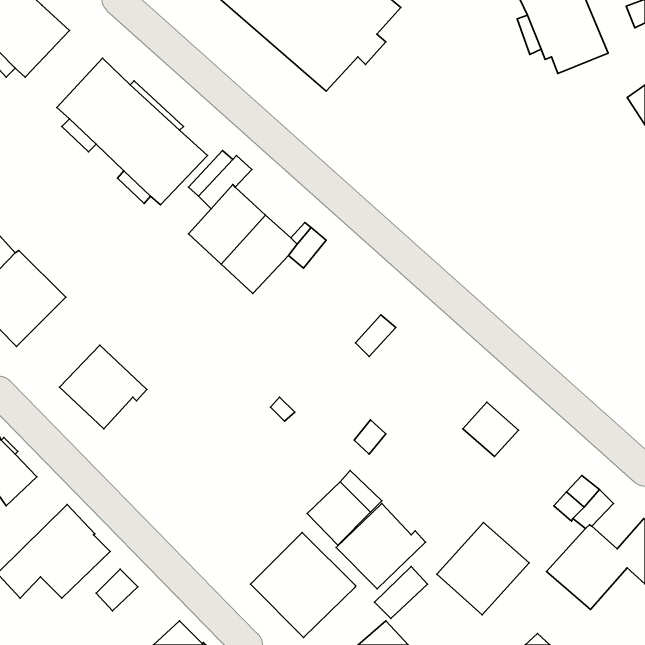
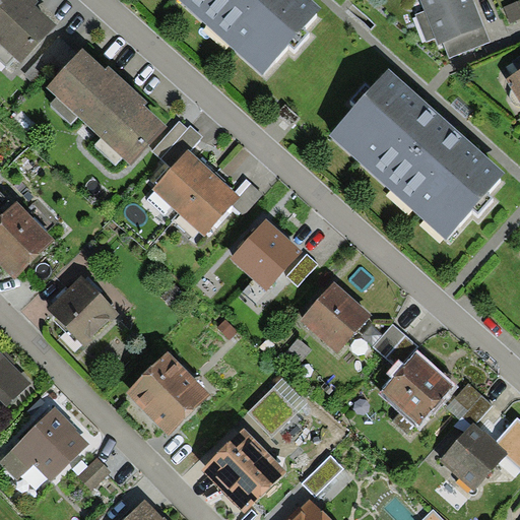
building: none -> [327,67,506,240]
building: none -> [230,217,302,290]
building: none -> [299,280,371,353]
building: none -> [125,350,209,435]
building: [336,503,425,589] -> none
building: [437,522,529,615] -> [378,351,452,426]

